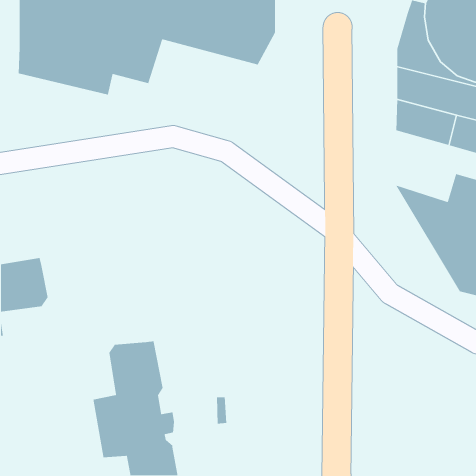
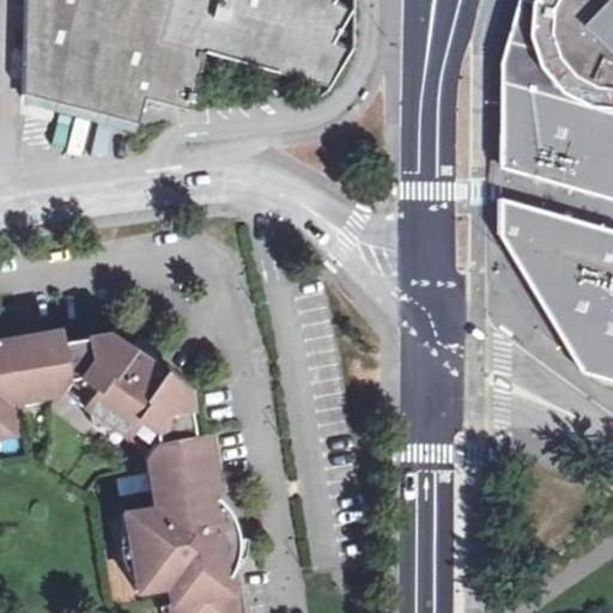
building: none -> [508,199,585,257]
building: none -> [56,334,189,441]

